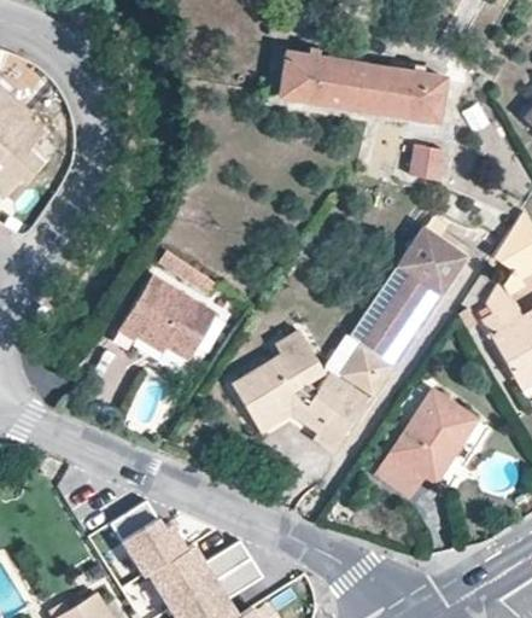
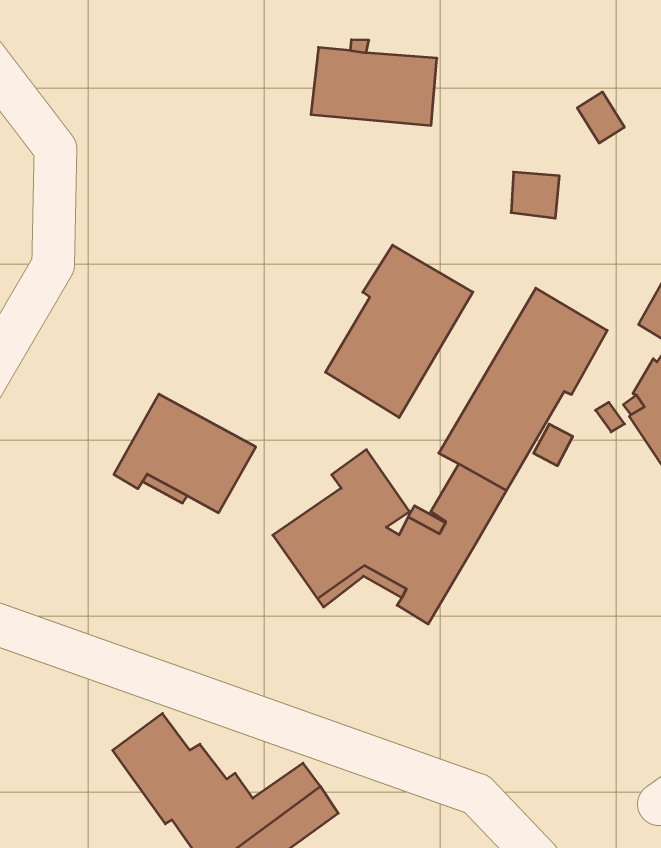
building: [359,63,446,122] -> none
building: none -> [325,245,473,418]
building: [378,390,477,495] -> none

